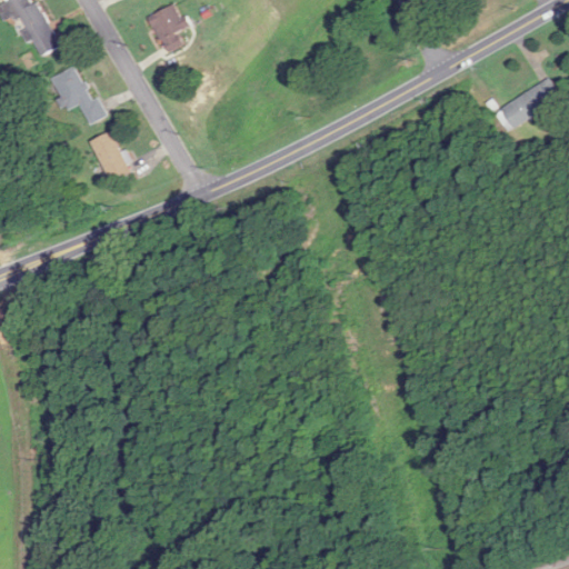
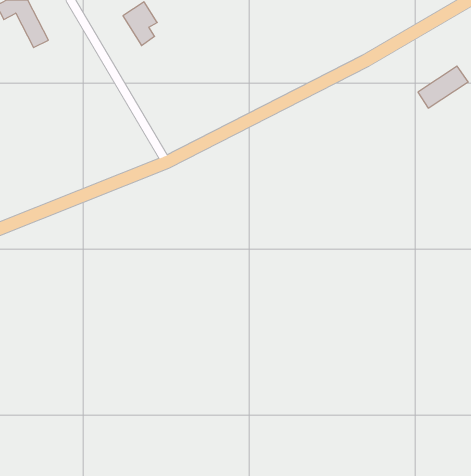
building: [50,66,106,123] -> none
building: [89,131,130,182] -> none

